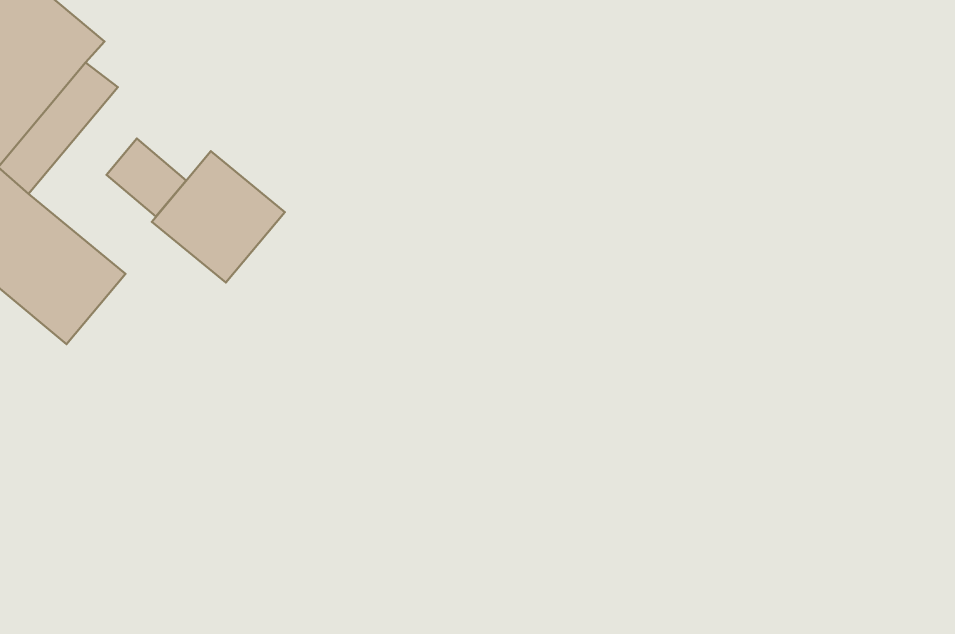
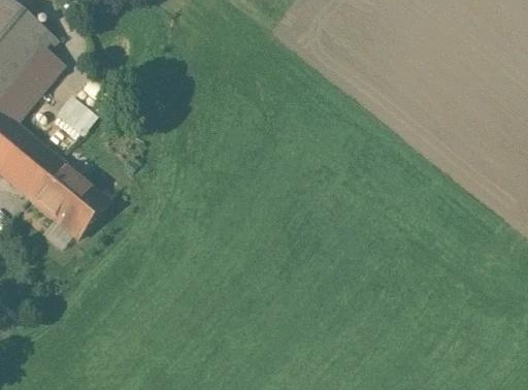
building: [152,151,285,283] -> [36,165,108,236]

